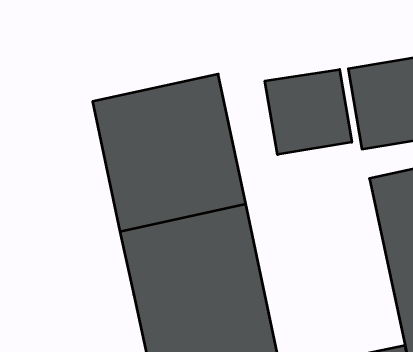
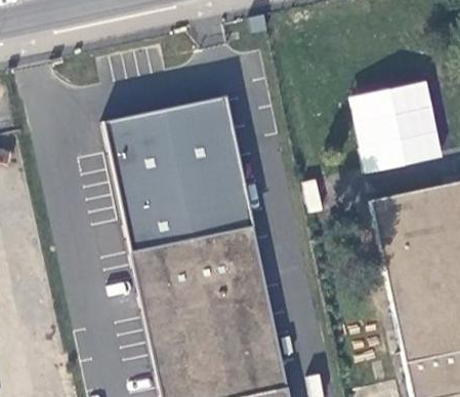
building: [265,69,352,155] -> none

